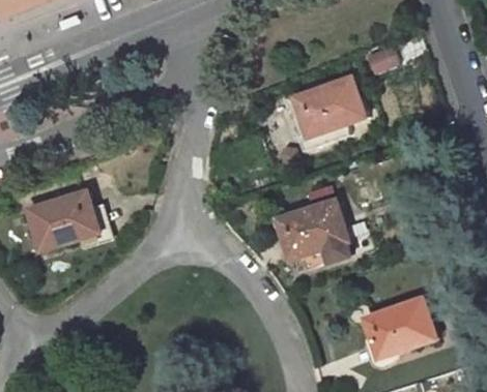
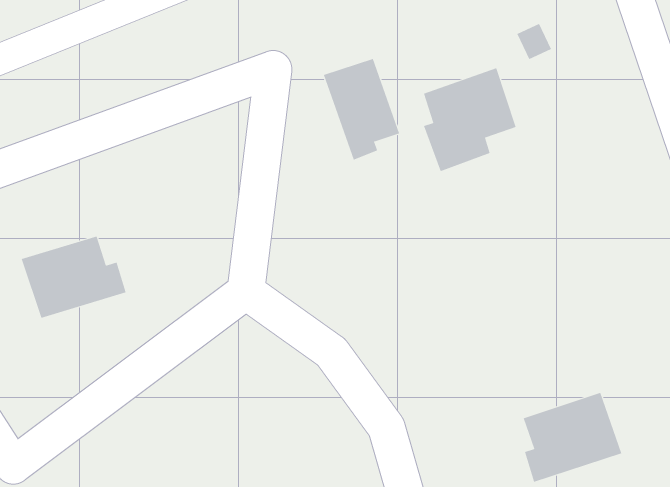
building: none -> [323,58,400,160]
building: [280,198,346,268] -> none

